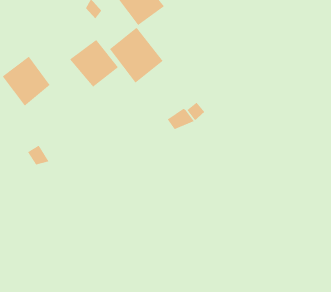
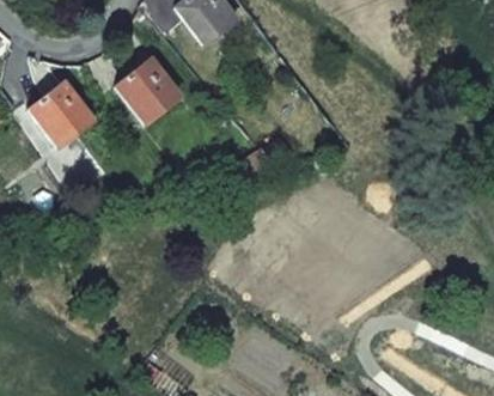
building: [109,27,164,84] -> none

